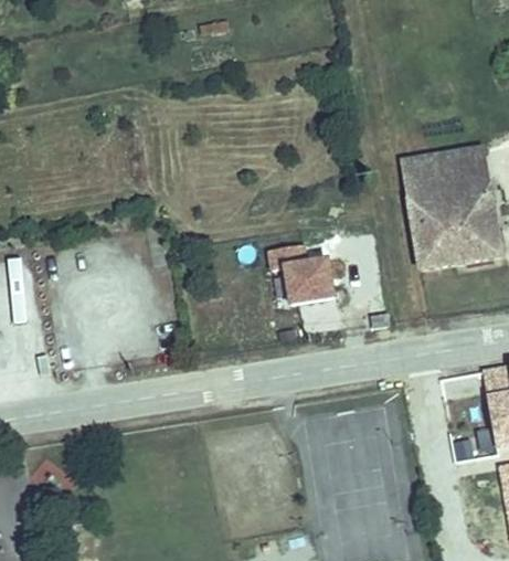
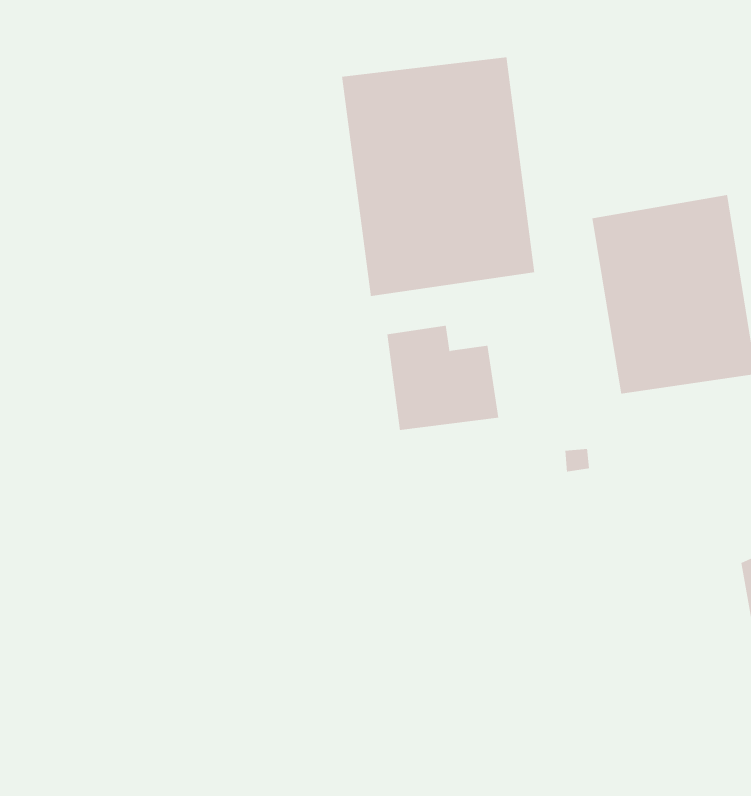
building: none -> [341,56,535,297]

